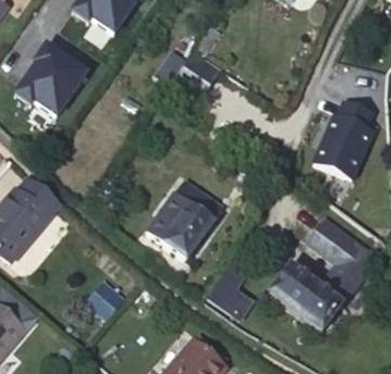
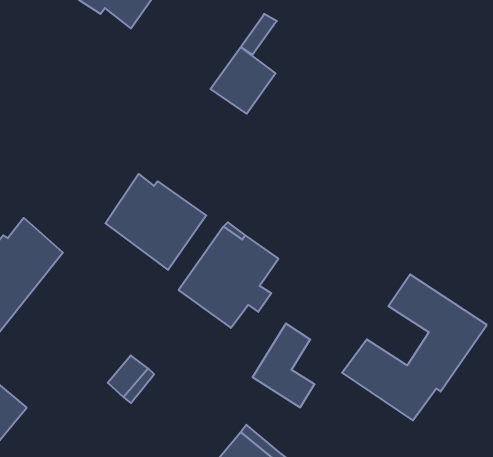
building: [17,47,86,116] -> none
building: [316,104,375,180] -> none
building: none -> [105,174,206,270]

